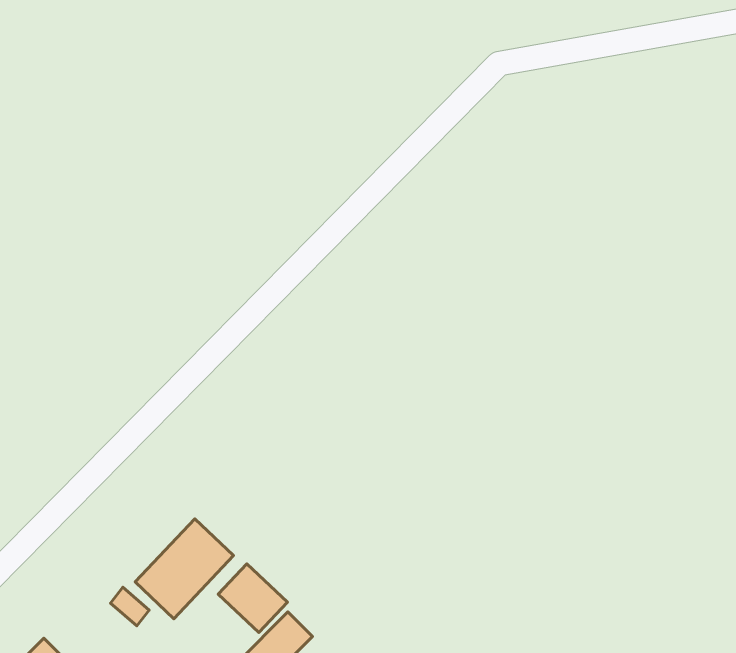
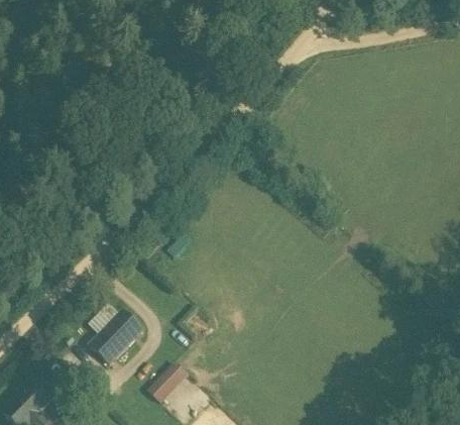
building: [218,564,288,632] -> none

